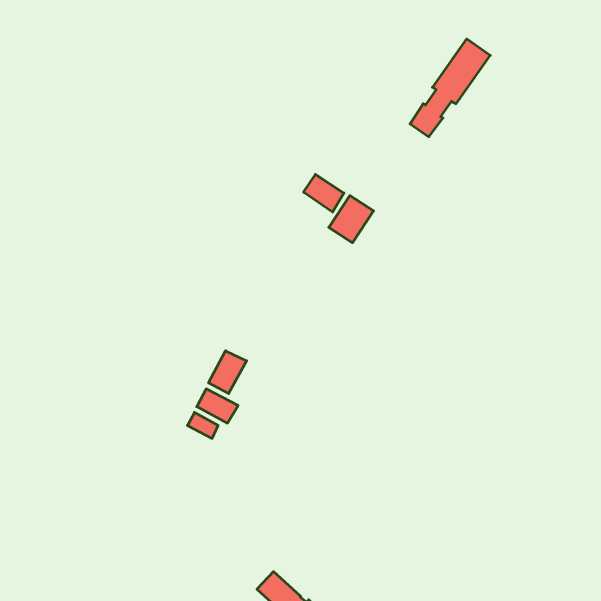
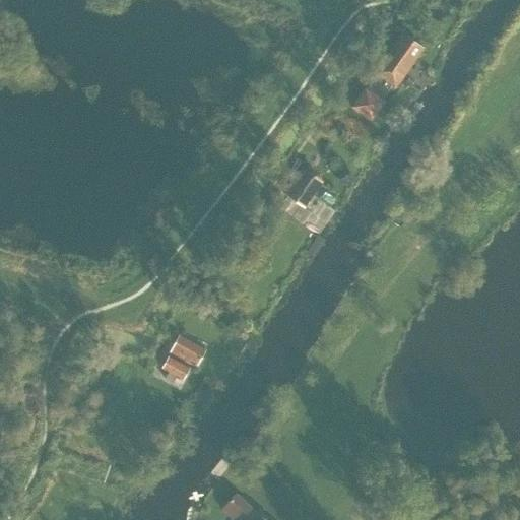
building: [304,174,344,212] -> none
building: [209,351,247,394] -> none

